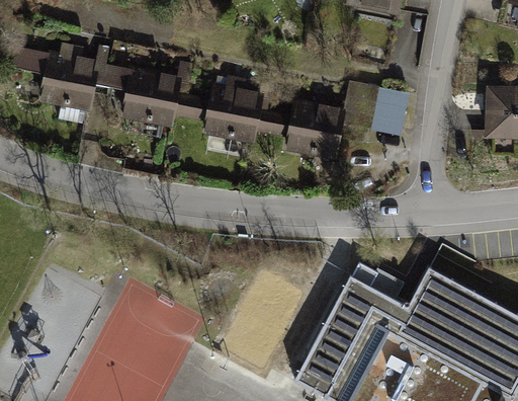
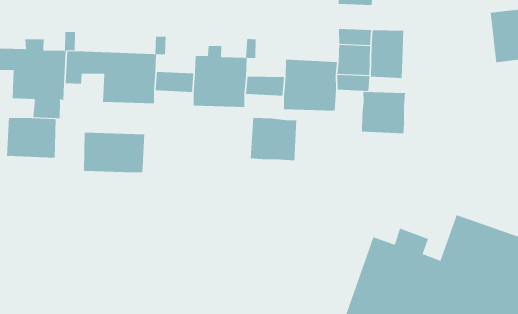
building: none -> [6,117,56,159]
building: none -> [84,132,145,173]
building: none -> [361,91,405,134]
building: none -> [250,117,297,161]

